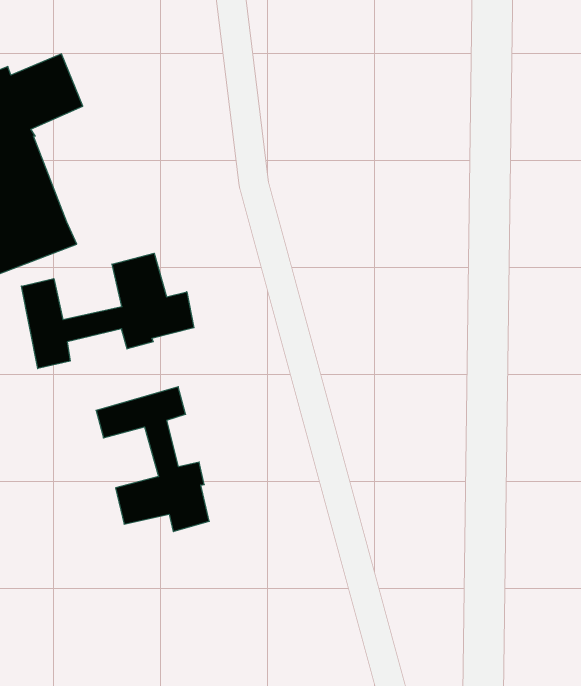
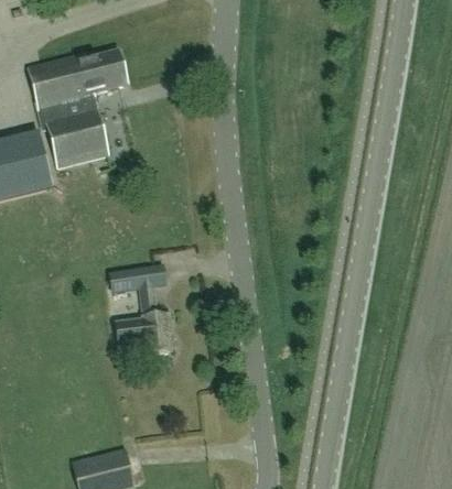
building: [21,253,194,369] -> none

